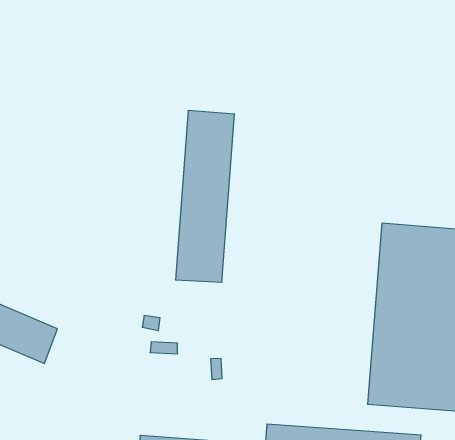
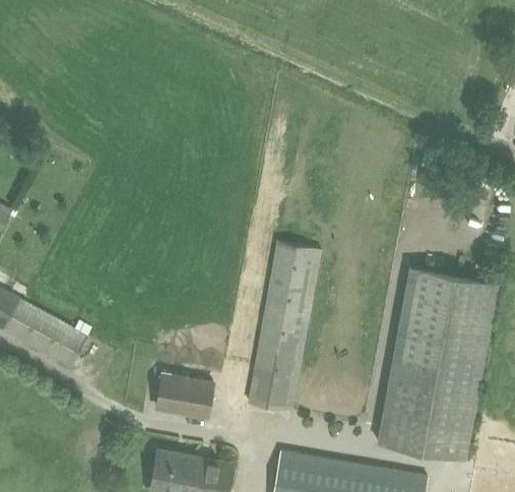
building: [175,111,235,282] -> [247,242,321,412]
building: none -> [153,372,214,421]

